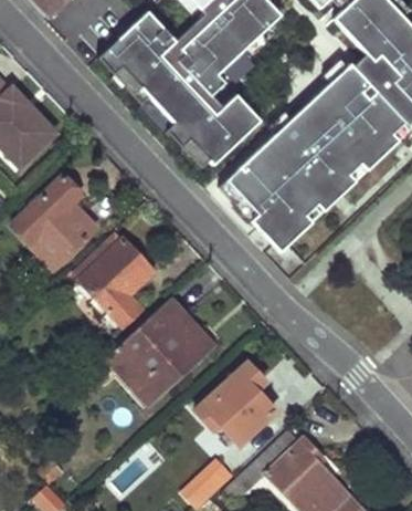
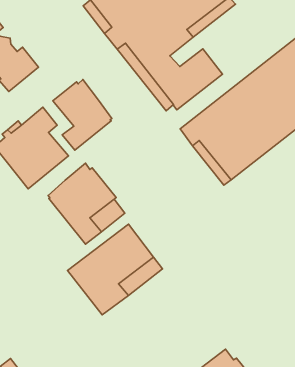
building: none -> [53,80,112,150]
building: [198,363,276,445] -> none

